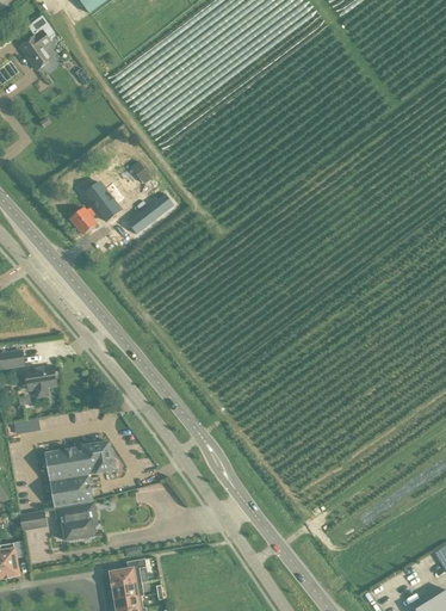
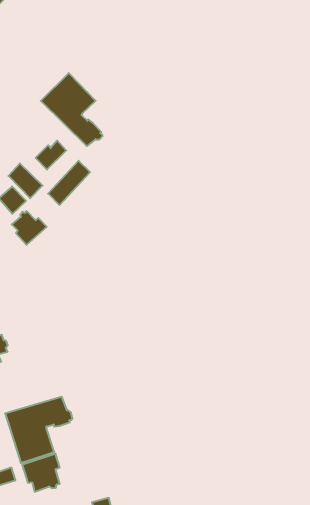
building: none -> [41,73,103,146]
building: none -> [12,211,47,245]

